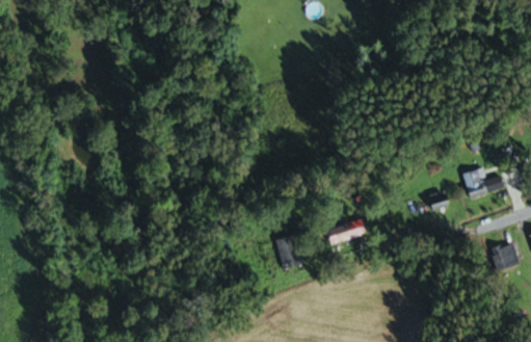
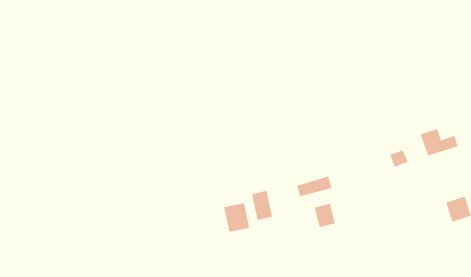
building: none -> [224,202,250,233]
building: none -> [314,203,335,228]

